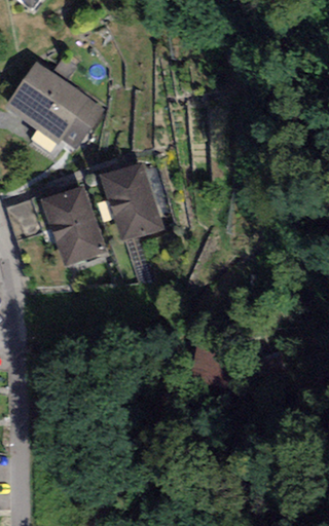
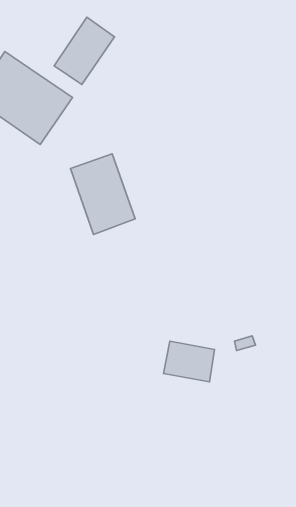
building: none -> [54,17,114,85]
building: [40,184,108,264] -> none

